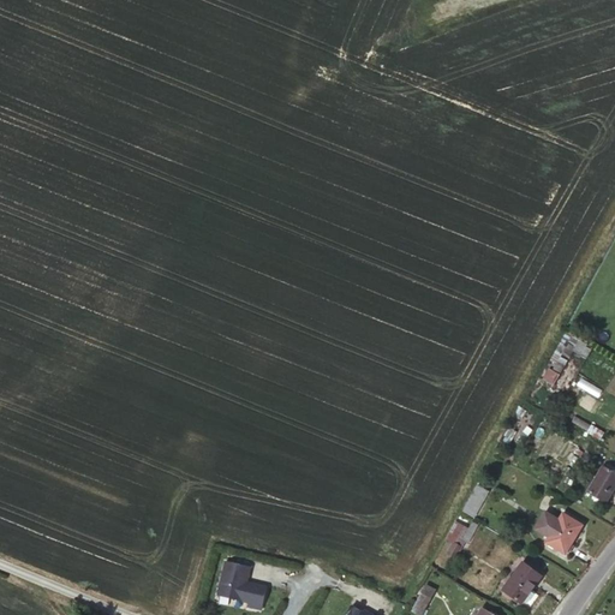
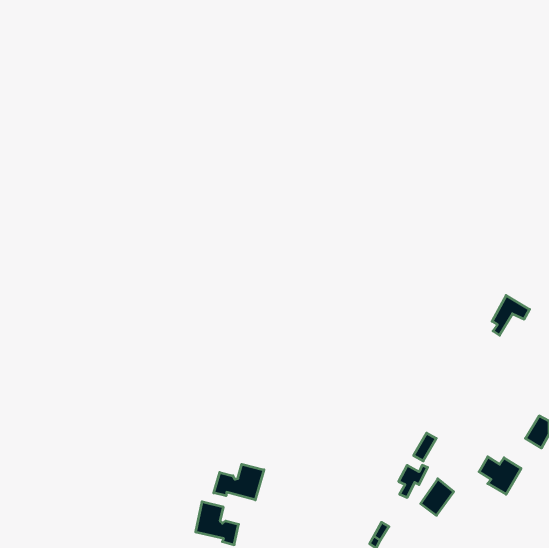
building: none -> [214,464,264,500]
building: [503,561,541,602] -> [421,479,454,515]

